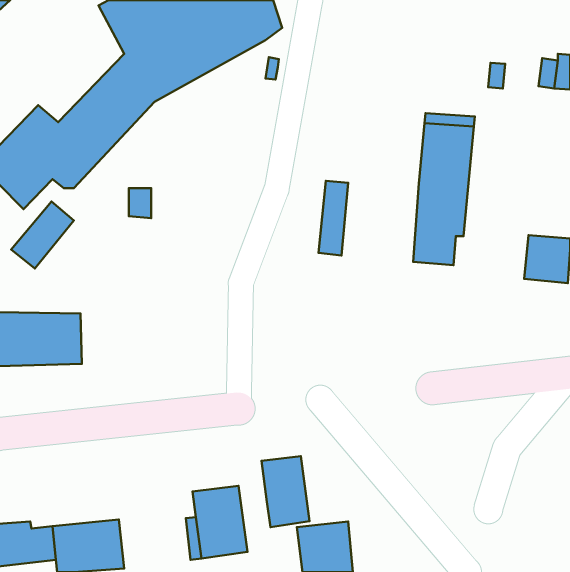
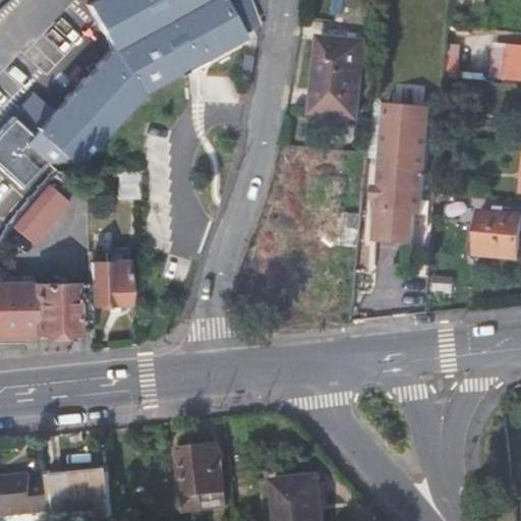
building: none -> [310,39,363,118]
building: [319,181,348,255] -> none
building: none -> [90,262,125,303]
building: [261,456,310,527] -> none

